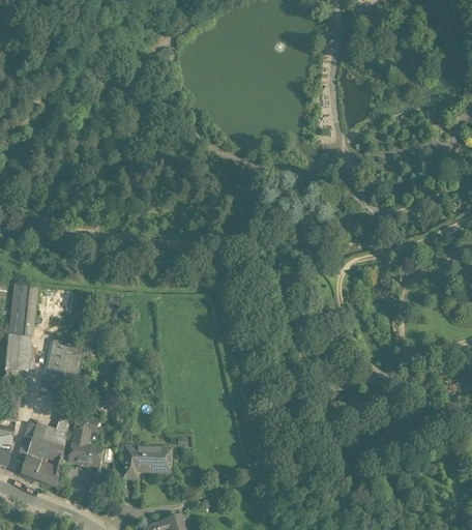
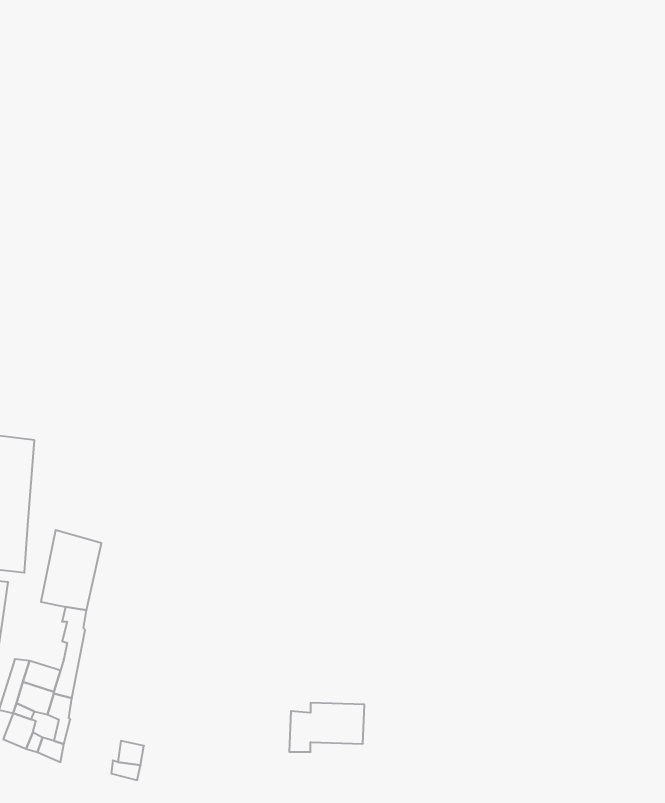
building: [68,417,100,466] -> none
building: [122,446,170,477] -> [289,703,364,752]

